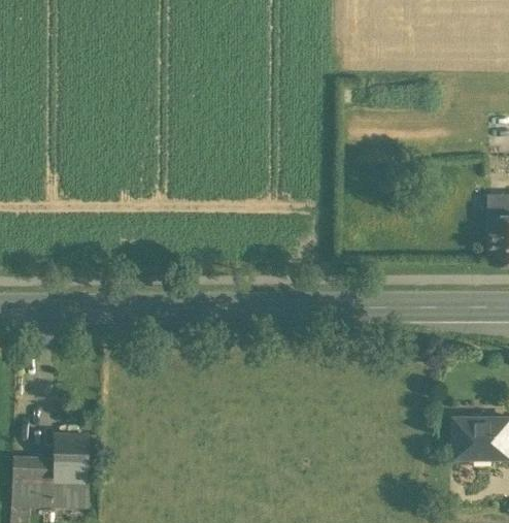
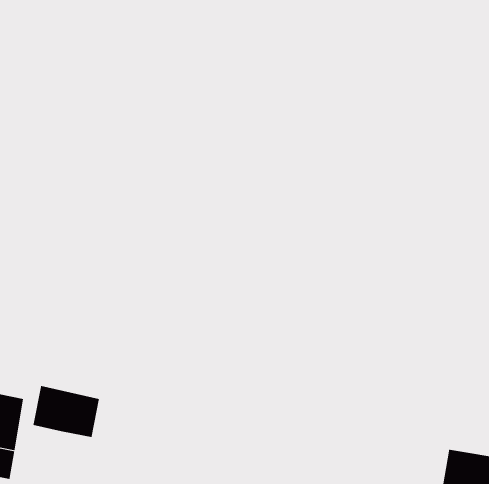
building: none -> [33,385,100,438]

